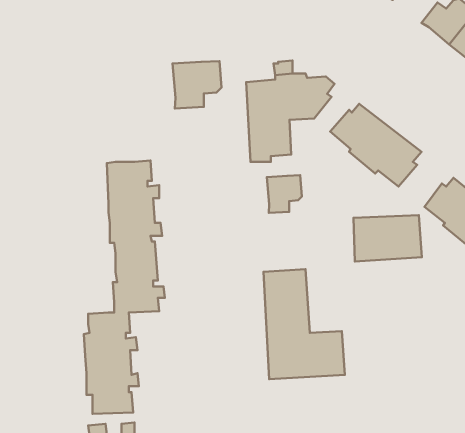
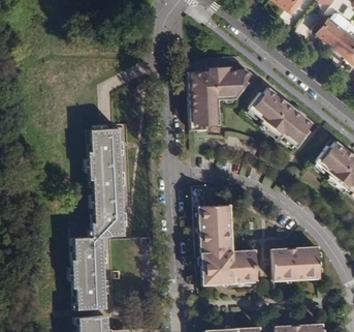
building: [172,61,221,109] -> none
building: [267,175,302,213] -> none
building: [354,215,422,261] -> [272,247,321,280]

